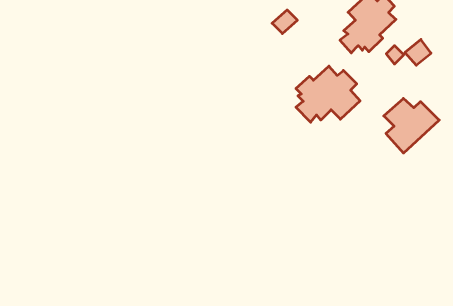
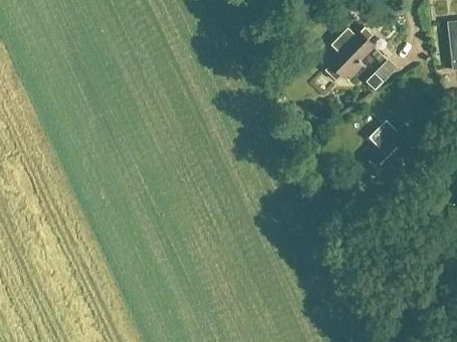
building: [296,66,360,122] -> none

